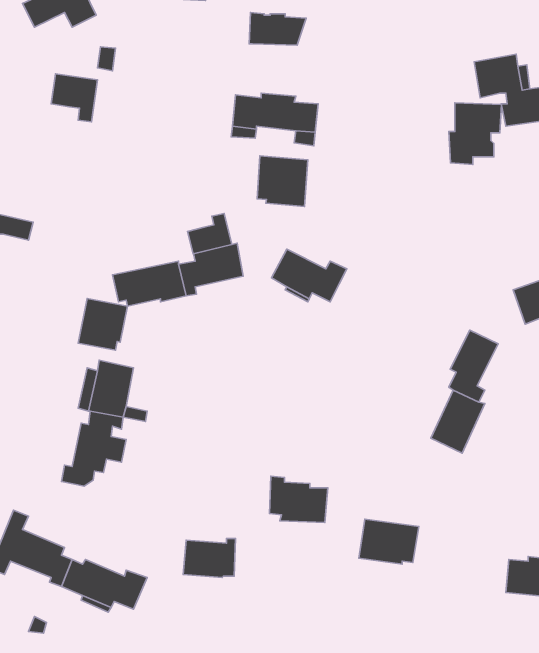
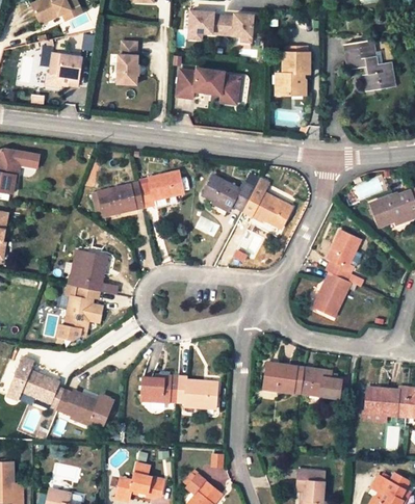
building: none -> [221,14,254,35]
building: none -> [119,39,141,84]
building: [449,103,501,164] -> [274,51,310,94]
building: [257,156,308,207] -> none
building: [188,213,232,254] -> none
building: none -> [243,179,291,228]
building: [78,298,128,350] -> none
building: [269,476,328,522] -> [177,375,217,407]
building: none -> [301,367,345,398]

